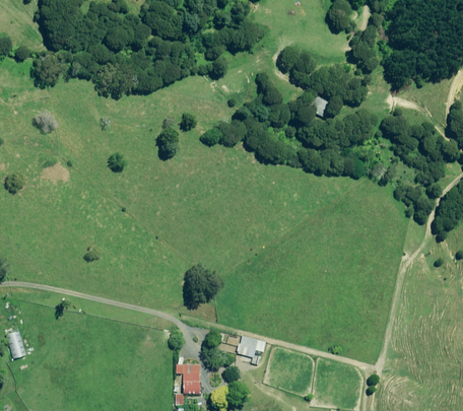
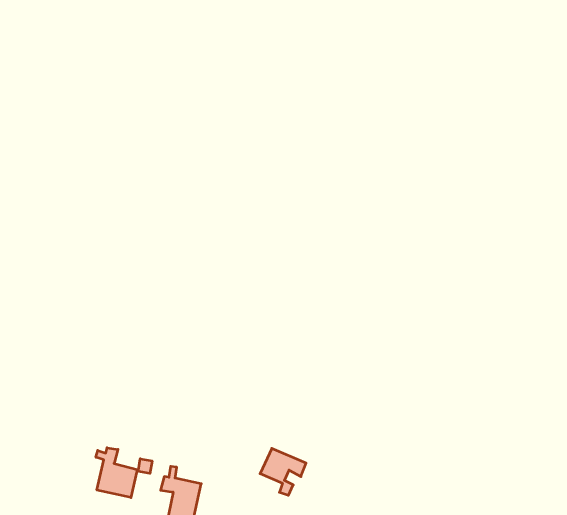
building: none -> [96,448,152,498]

